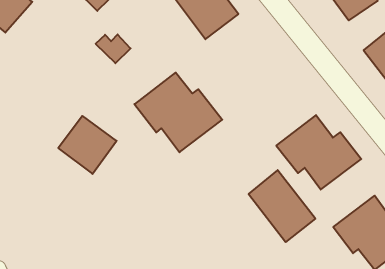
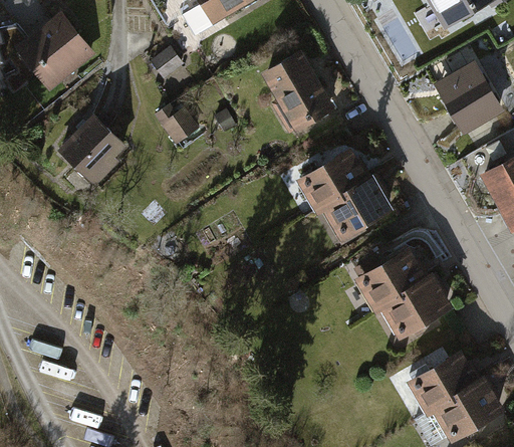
building: [134,73,222,152] -> [295,147,398,243]
building: [58,116,117,174] -> [60,113,132,184]
building: [249,170,315,242] -> none

